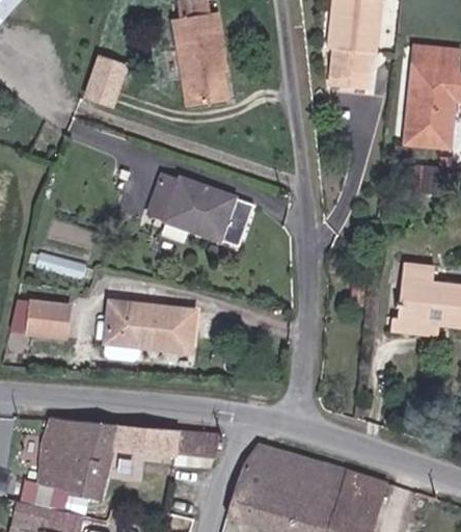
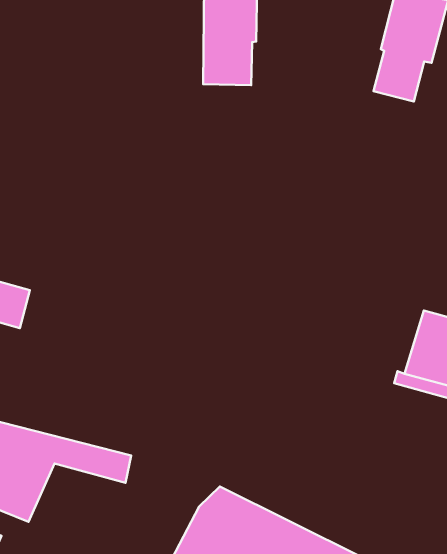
building: [82,58,121,106] -> none
building: [147,175,253,248] -> none
building: [105,302,193,352] -> none
building: [177,429,220,457] -> none

